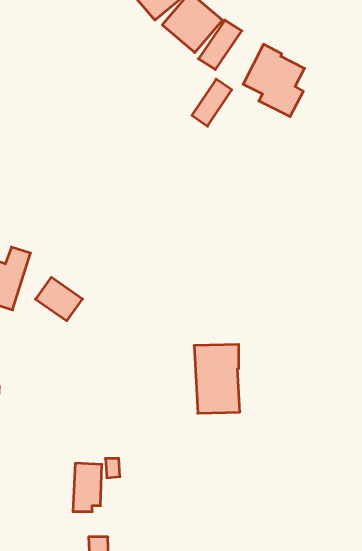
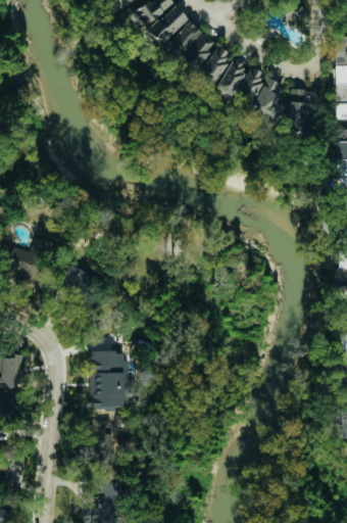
building: none -> [289,89,315,134]
building: [192,79,232,126] -> [214,58,248,98]
building: [194,344,240,413] -> [89,351,128,410]

